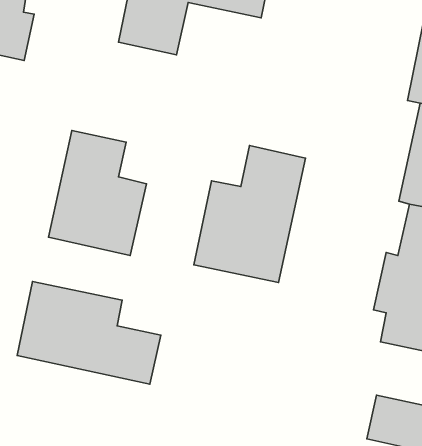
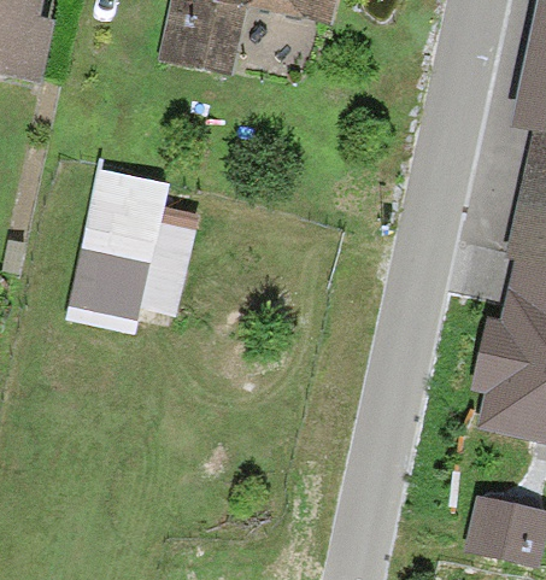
building: [194,146,306,282] -> none
building: [17,281,161,384] -> none

